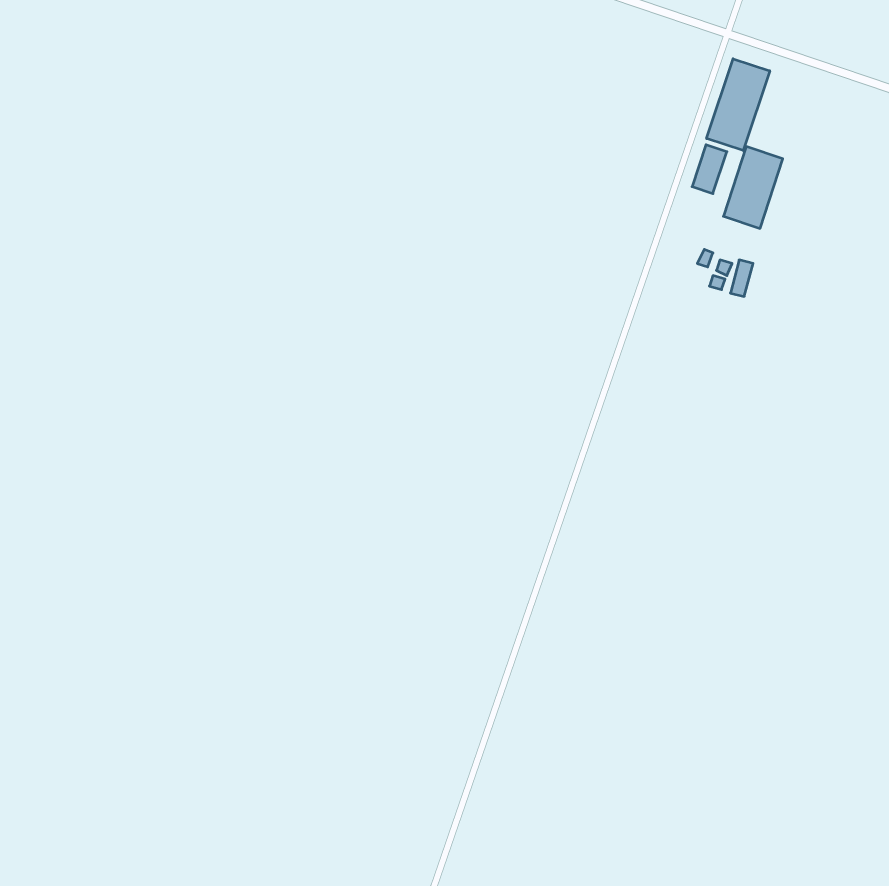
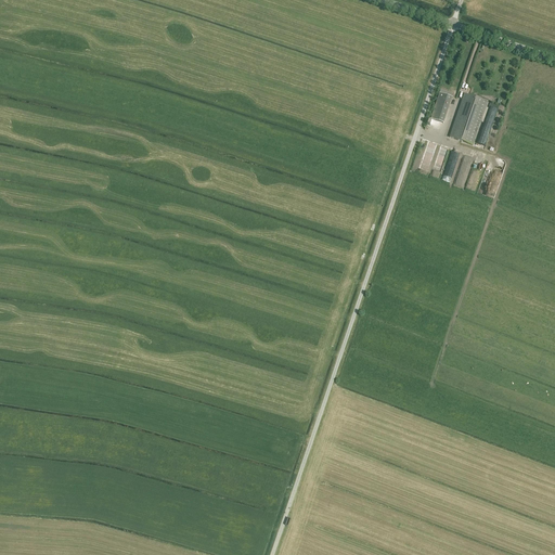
building: [707,59,770,151] -> none

